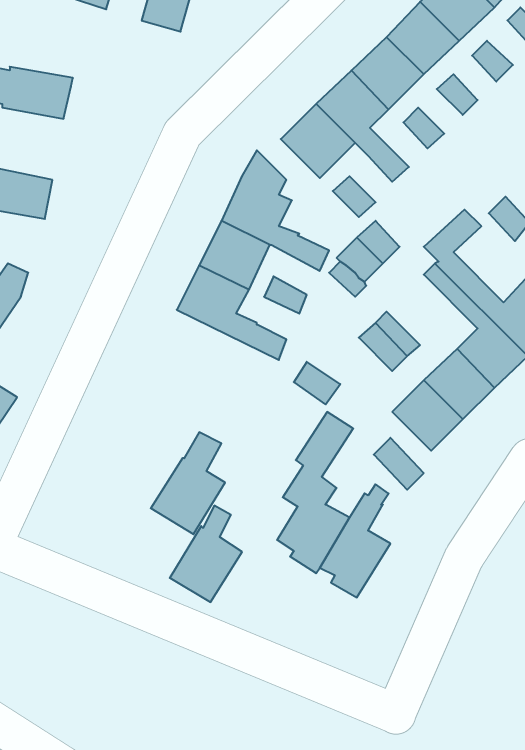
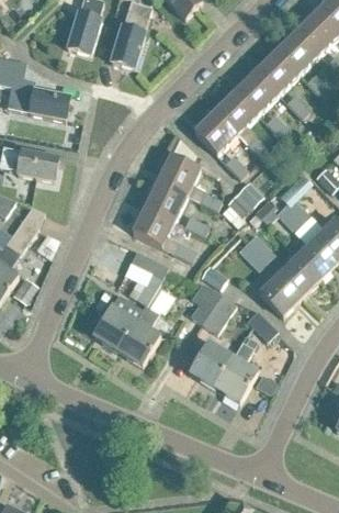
building: none -> [129,250,168,304]
building: none -> [190,281,221,322]
building: [170,506,242,602] -> [92,293,135,350]

